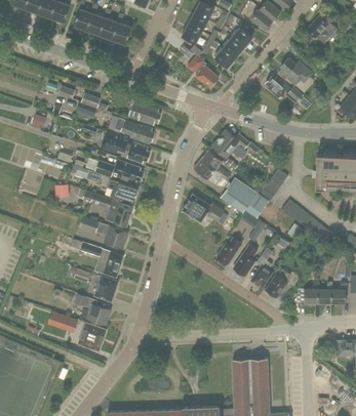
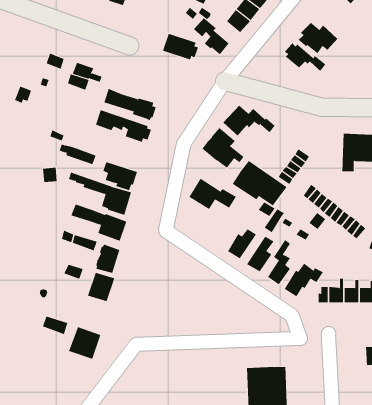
building: [128,101,160,125] -> [162,33,199,60]
building: [94,160,143,183] -> none
building: [74,293,110,325] -> none

